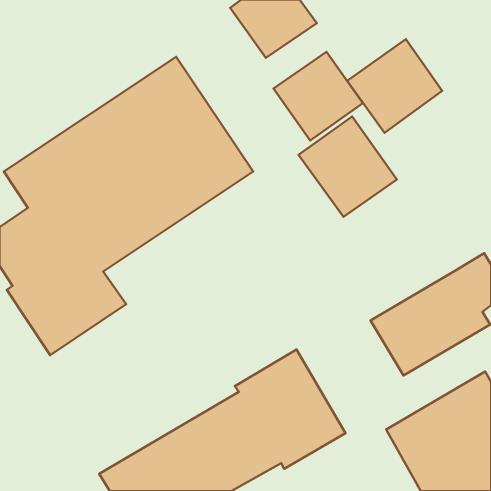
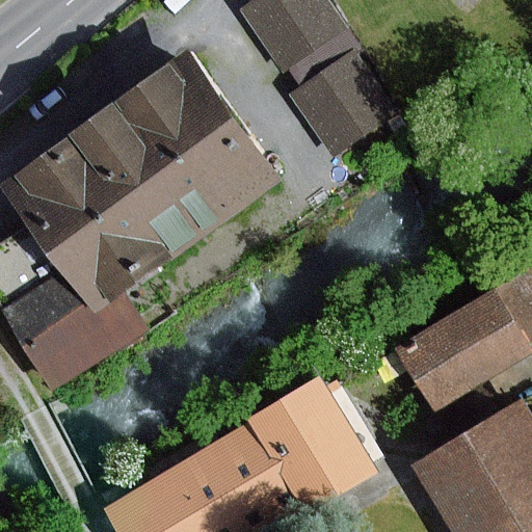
building: [347,39,442,133] -> none
building: [299,116,397,217] -> none

